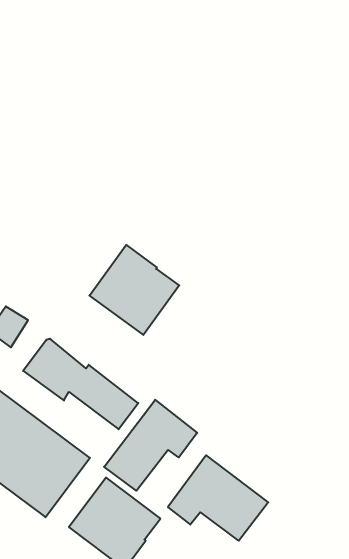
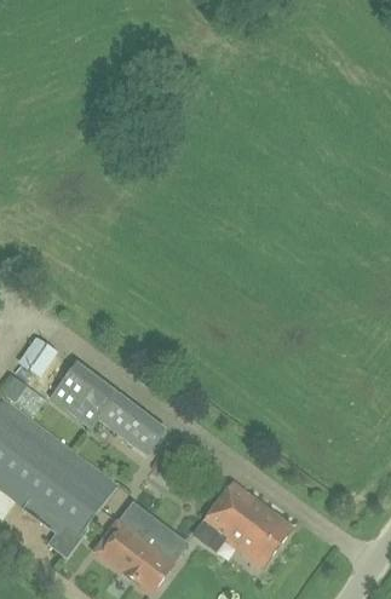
building: [89,245,179,335] -> none
building: [104,400,197,491] -> none

